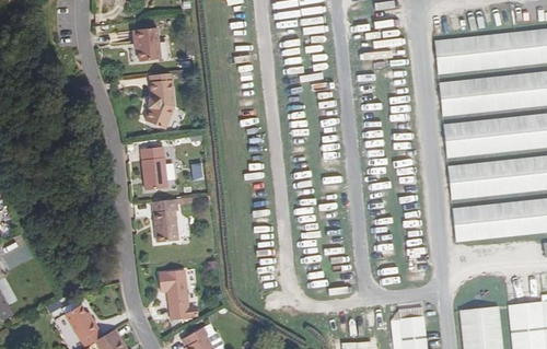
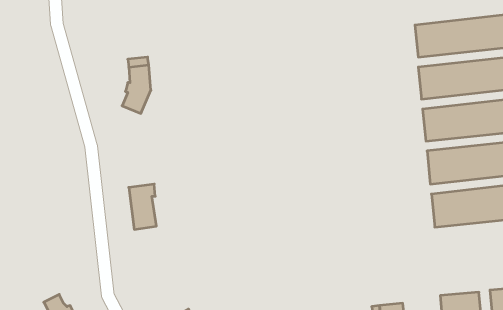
building: [133,28,161,62] -> none
building: [141,148,167,190] -> none
building: [160,270,199,317] -> none

